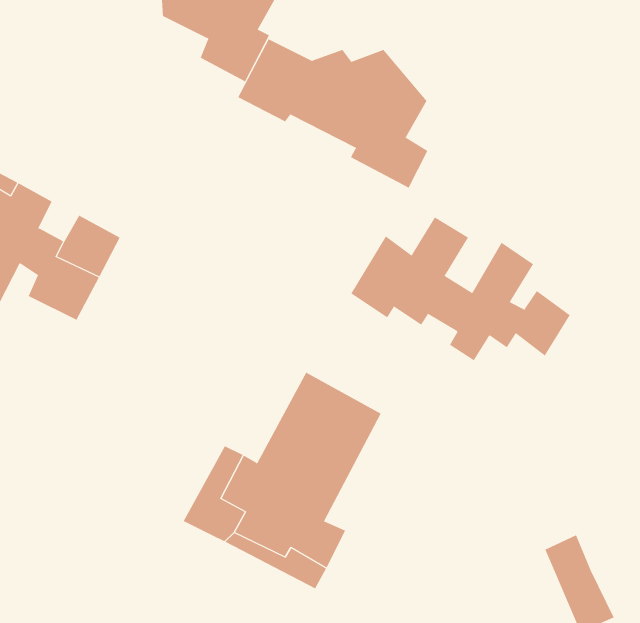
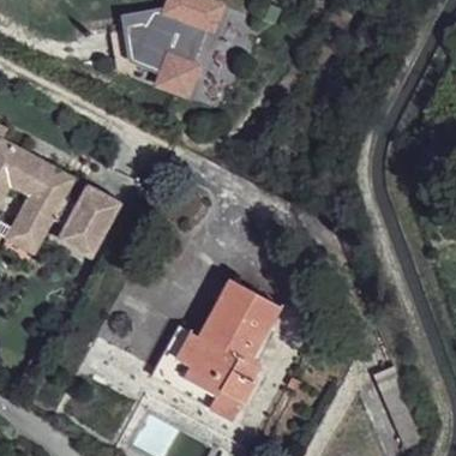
building: [237,38,428,189] -> none
building: [350,216,571,361] -> none

